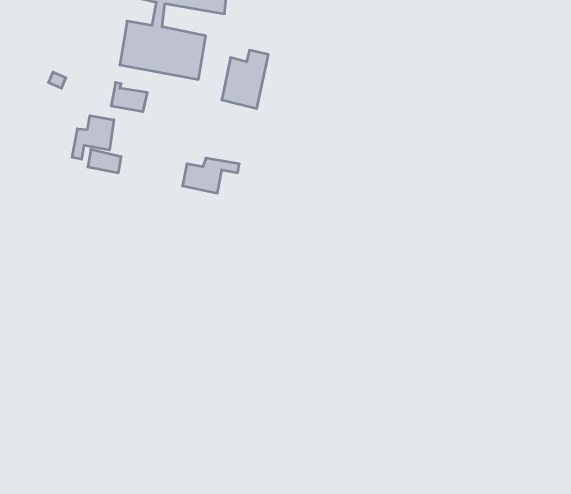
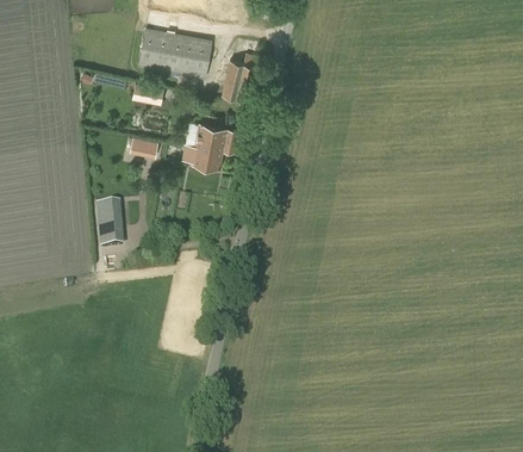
building: [72,116,114,159] -> none
building: none -> [194,122,239,147]
building: none -> [95,199,120,244]

